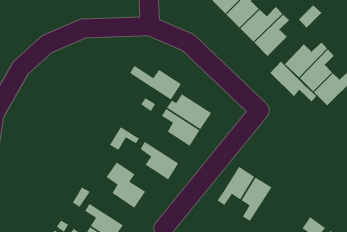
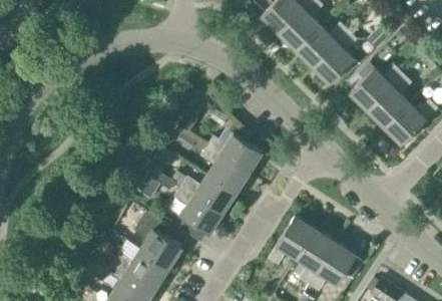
building: [270,61,317,103] -> none
building: [129,65,182,100] -> [172,171,237,214]
building: none -> [310,243,357,292]
building: none -> [114,250,169,289]

